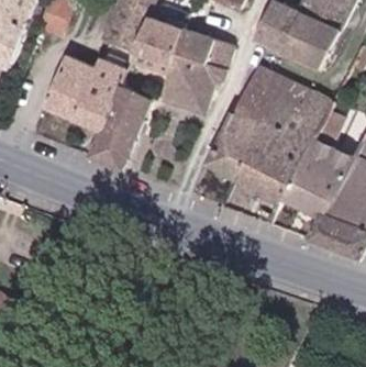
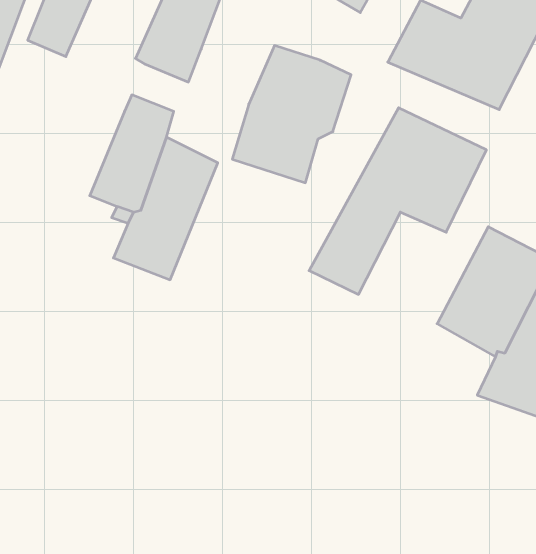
building: [136,15,185,64] -> none
building: [44,56,95,119] -> none
building: [235,91,334,200] -> none

